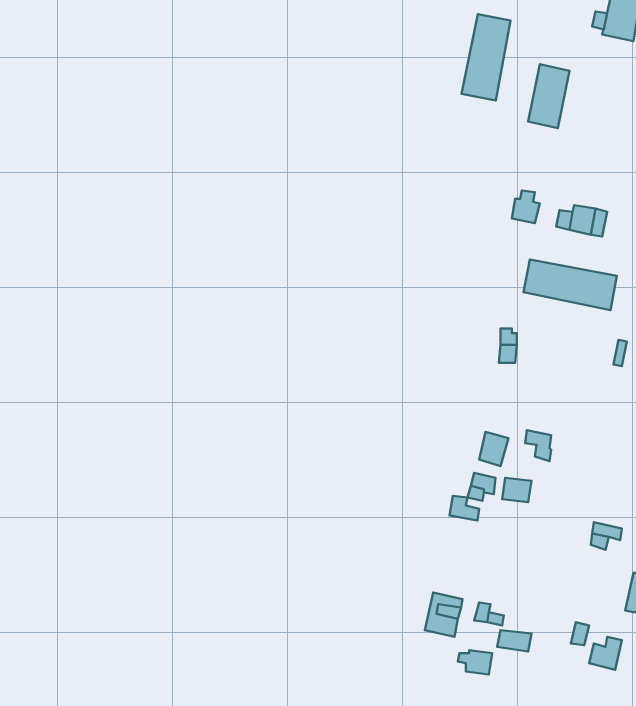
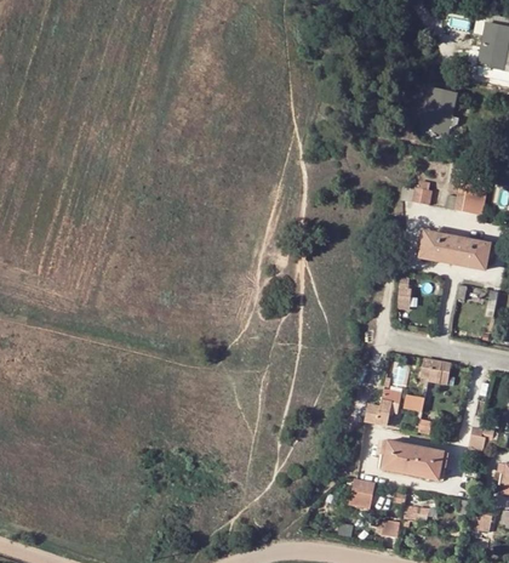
building: [462,14,511,101] -> none
building: none -> [377,438,447,480]

